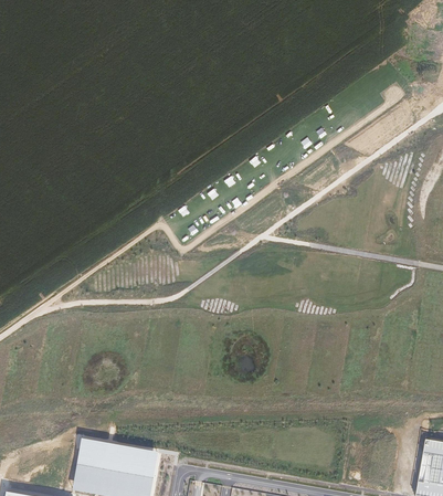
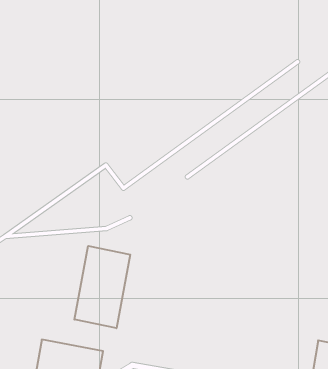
building: none -> [74,246,130,328]

